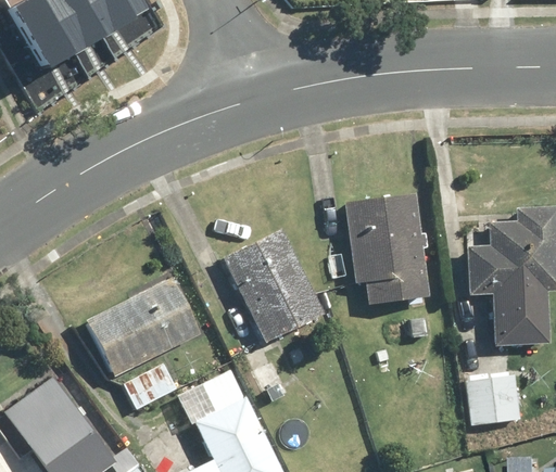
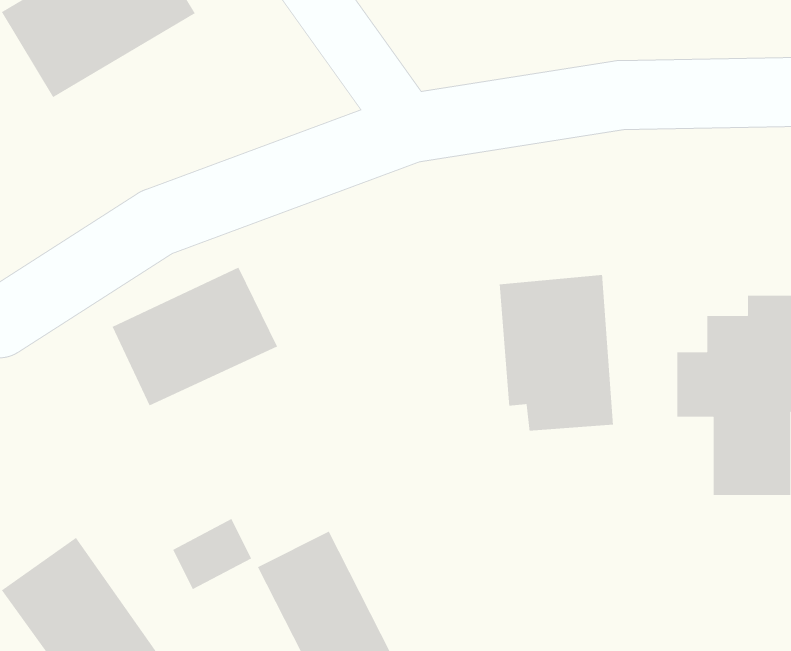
building: [220,228,321,403] -> none
building: [86,280,201,377] -> [112,267,278,407]
building: [468,375,517,422] -> none

